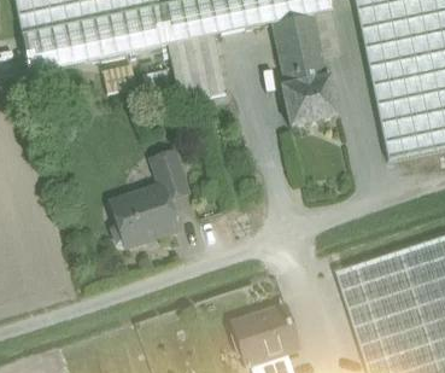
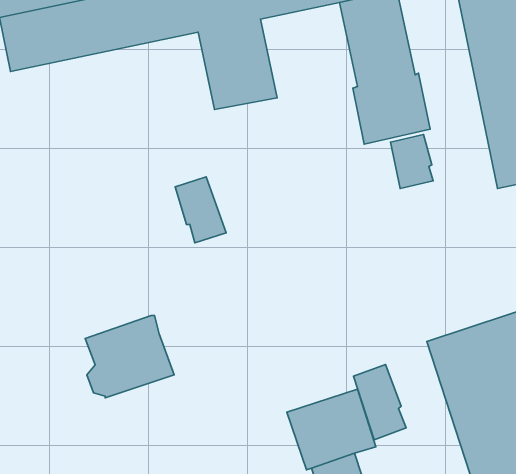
building: none -> [390,134,433,189]
building: [112,185,177,245] -> [85,316,174,398]
building: none -> [353,364,406,440]

